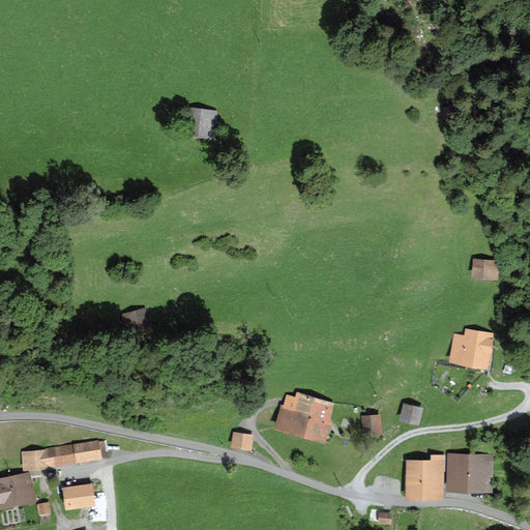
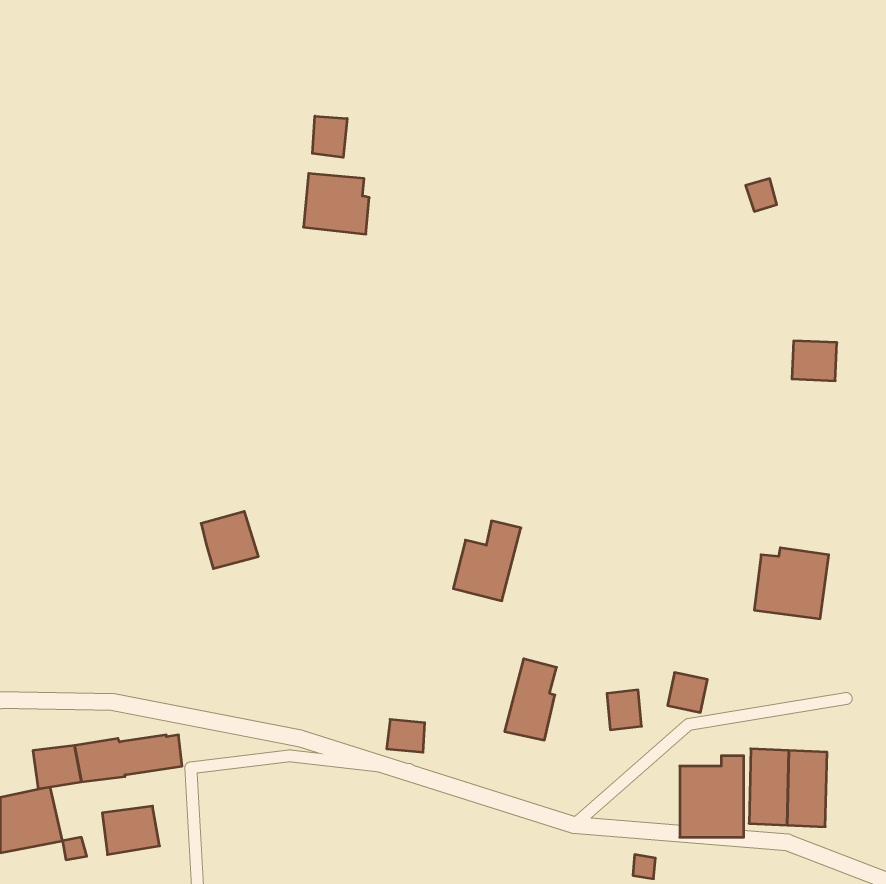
building: none -> [312,116,347,157]
building: [472,257,499,281] -> [792,341,837,381]
building: [272,390,313,438] -> [453,521,521,601]

